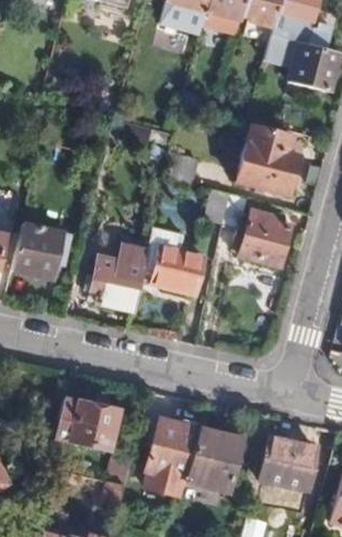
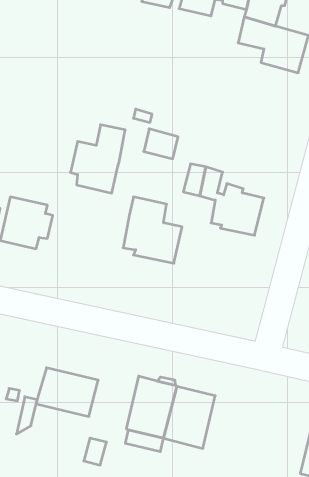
building: [228,124,305,195] -> none
building: [92,240,150,312] -> [70,125,125,193]
building: [261,438,317,491] -> none

